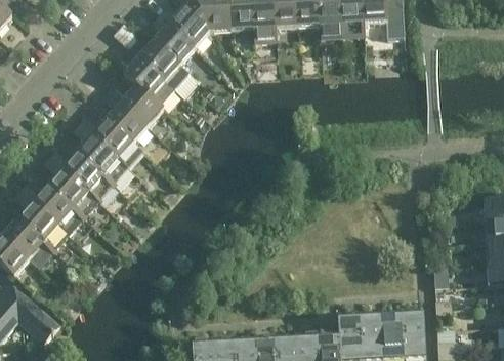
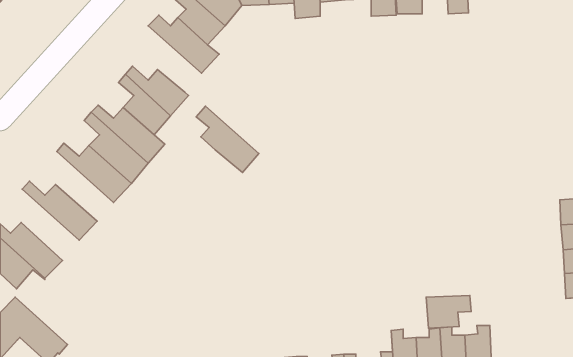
building: [120,49,174,107] -> [196,106,259,172]
building: [43,158,98,218] -> none
building: [13,191,81,252] -> none
building: none -> [426,295,471,328]

